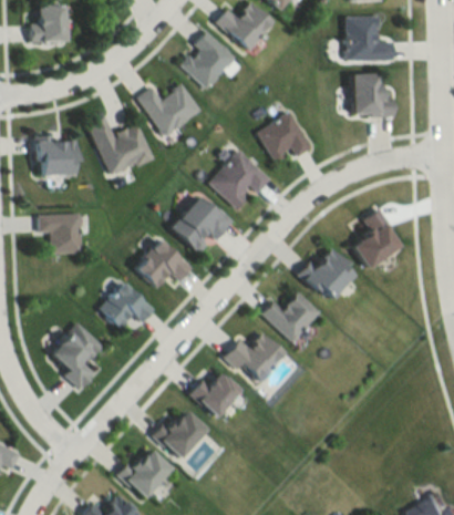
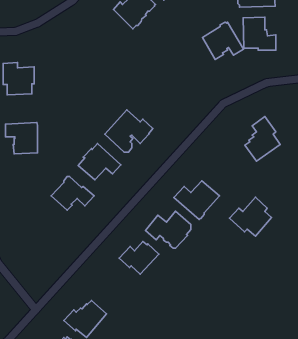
building: [137,85,200,137] -> none
building: [257,113,311,162] -> [202,22,244,59]
building: [86,117,154,176] -> none
building: [208,152,270,210] -> none
building: [298,245,353,296] -> [229,197,272,236]
building: [51,323,102,390] -> none
building: [152,409,206,456] -> none

